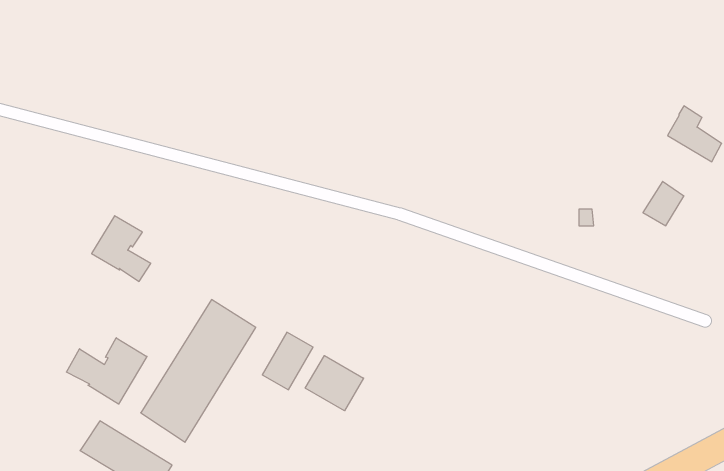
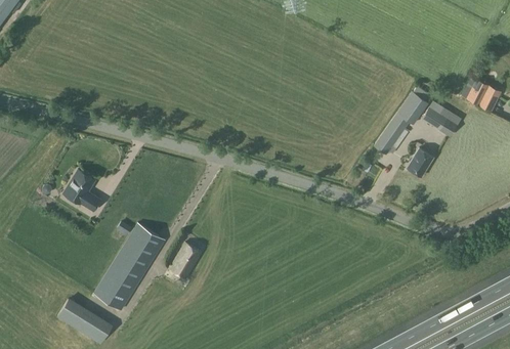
building: none -> [373,86,428,156]
building: [66,338,147,404] -> none
building: [305,356,364,411] -> none

